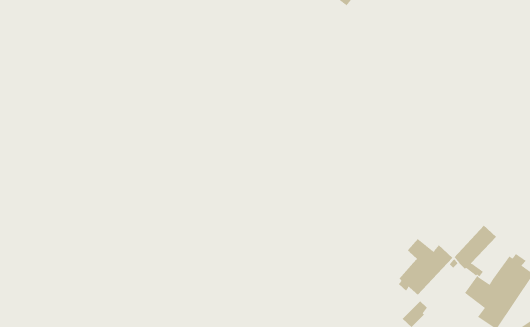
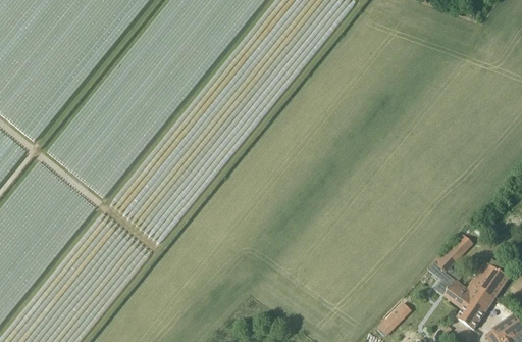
building: [398,238,453,295] -> none

